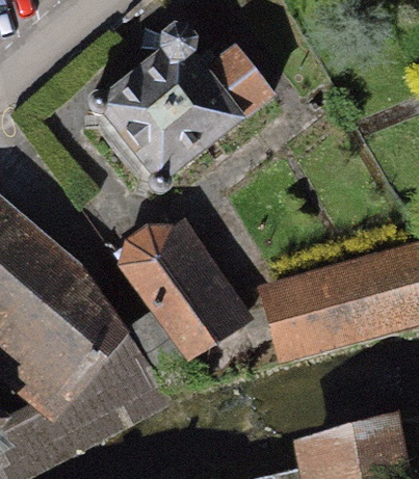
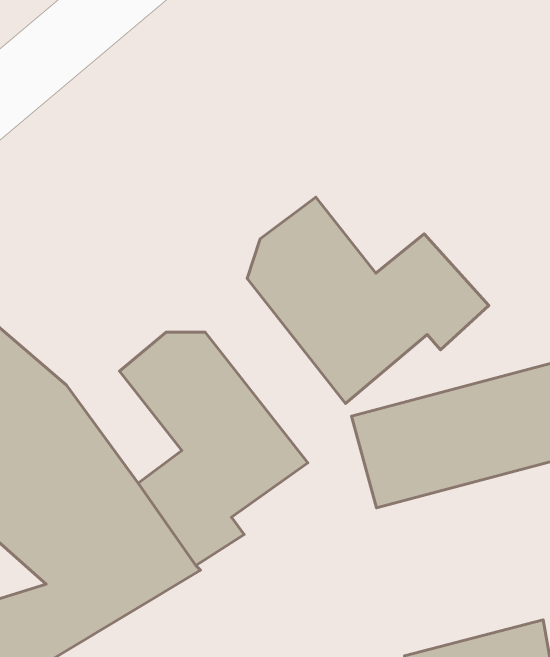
building: [89,35,265,189] -> none
building: none -> [247,197,489,404]

